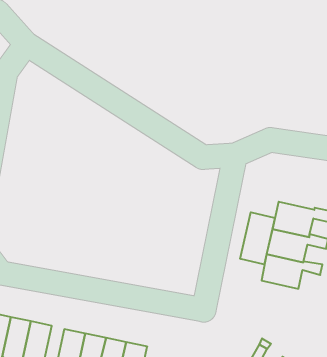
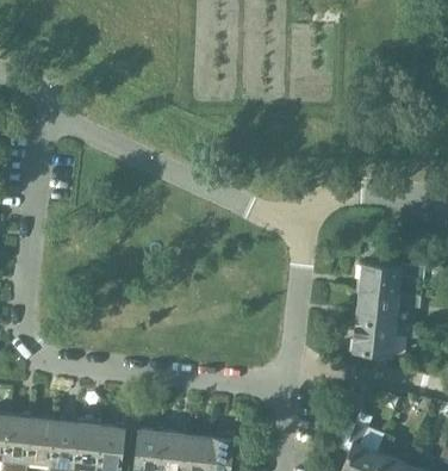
building: [240,212,275,264] -> none

